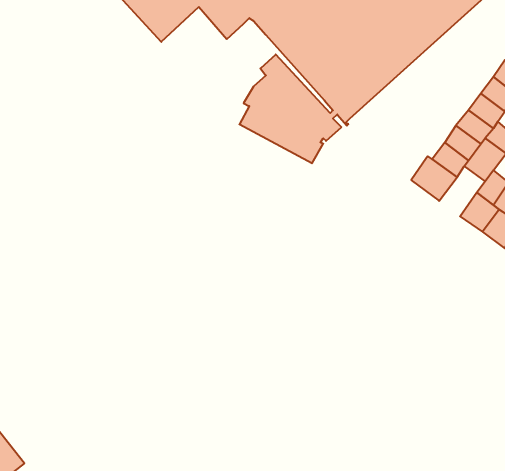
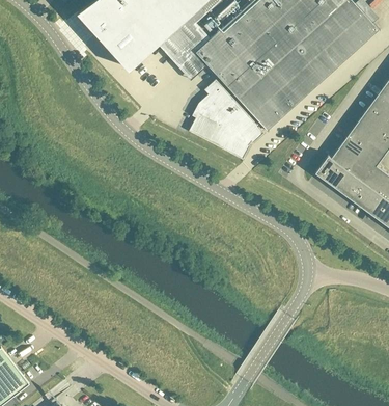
building: none -> [336,163,370,200]

